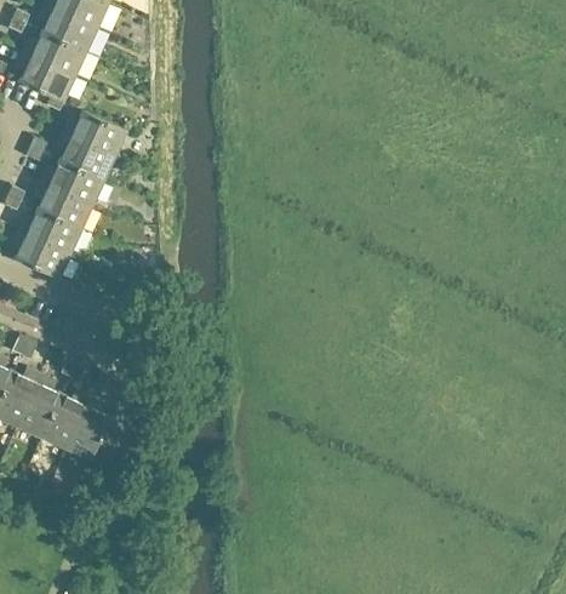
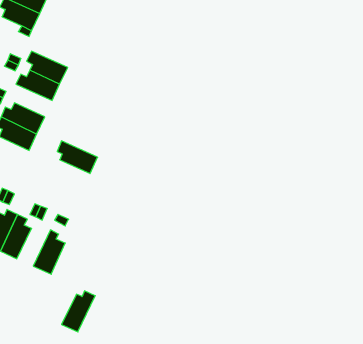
building: [63,110,127,156] -> none
building: [34,181,93,229] -> [57,141,98,174]
building: [41,389,91,450] -> [62,291,95,332]

